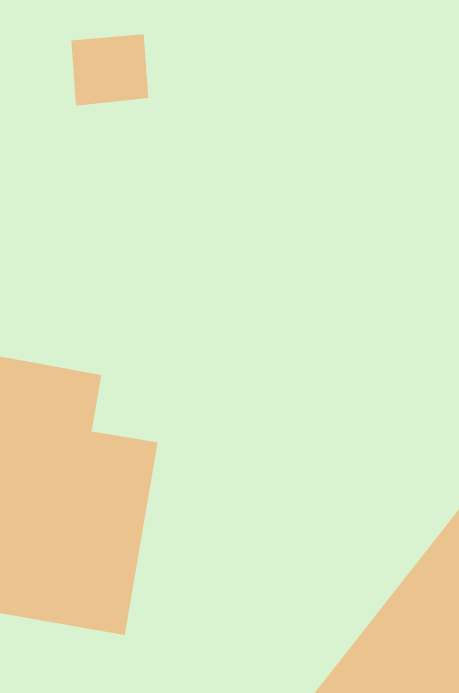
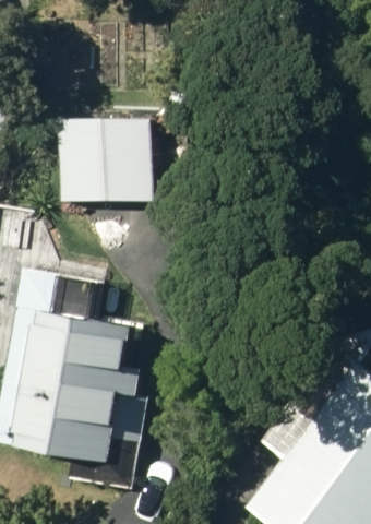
building: none -> [59,121,160,204]

